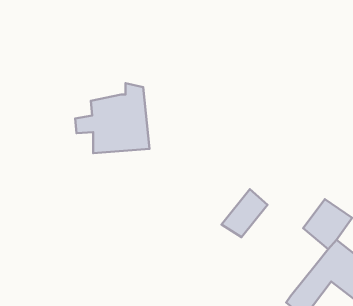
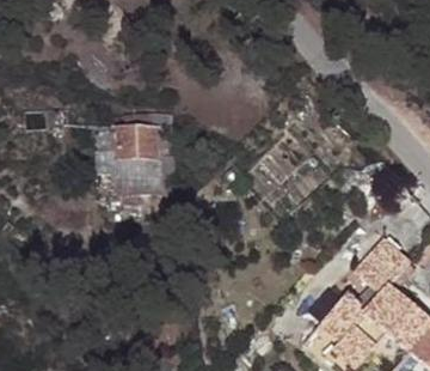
building: [222,189,267,237] -> [313,296,366,351]

